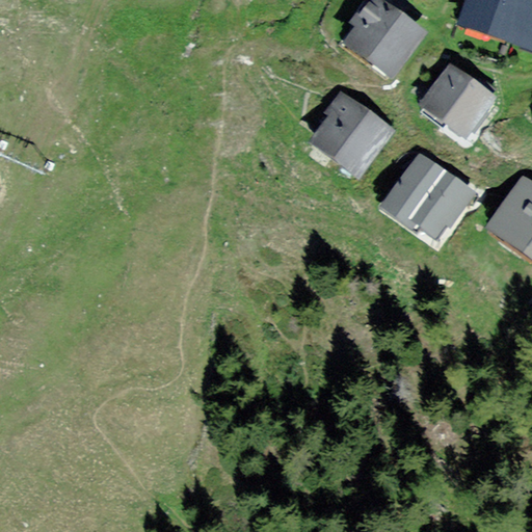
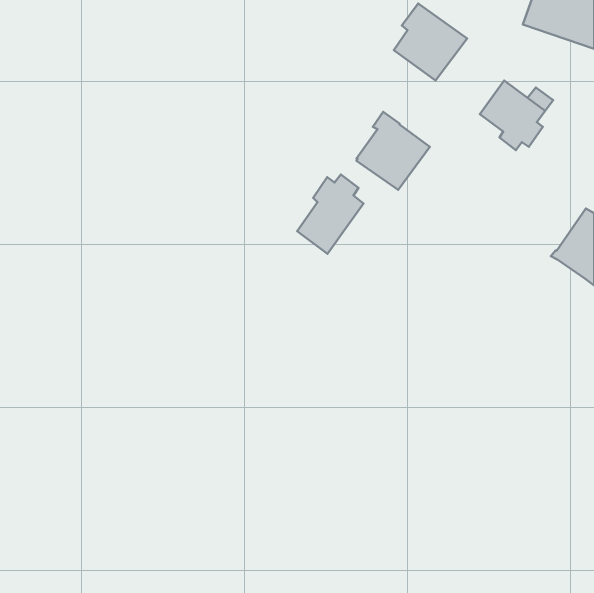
building: none -> [297,174,364,254]
building: [389,162,461,231] -> none

